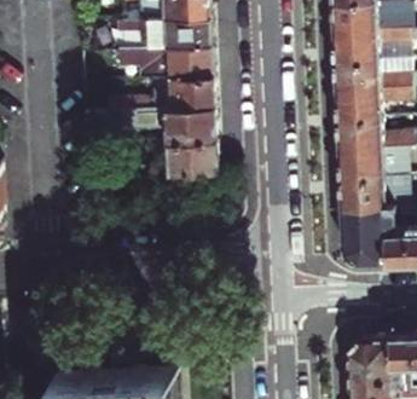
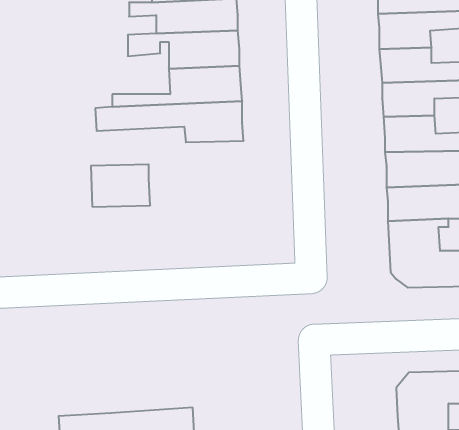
building: [168,139,219,175] -> [91,164,150,207]

